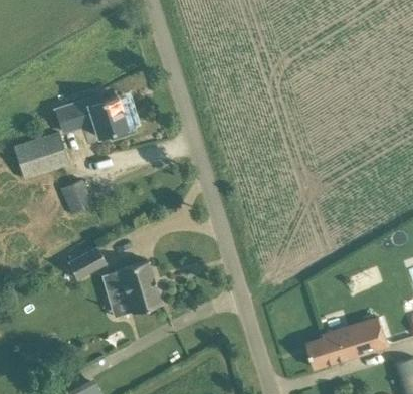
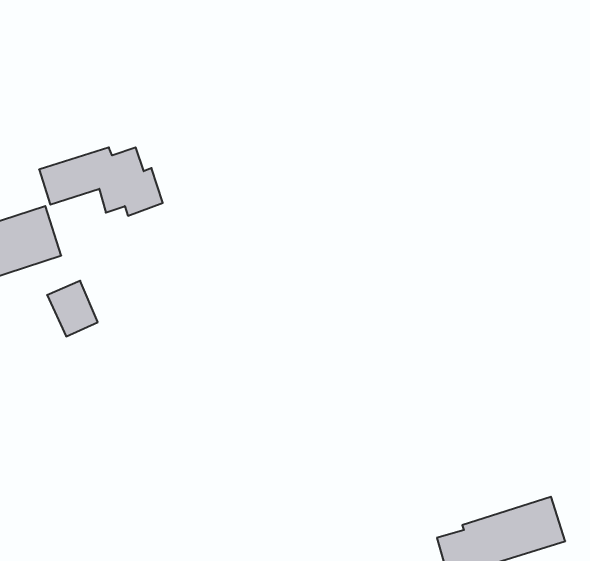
building: [67,247,105,278] -> none
building: [107,260,160,313] -> none

